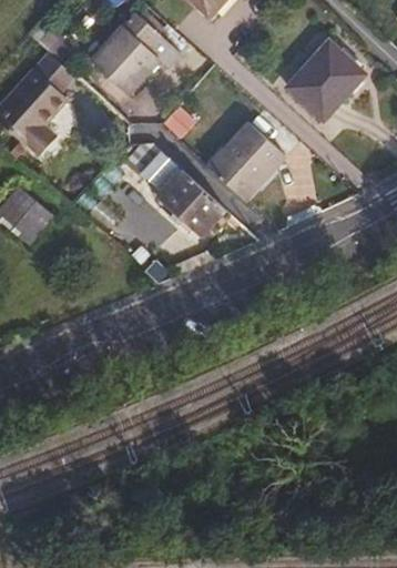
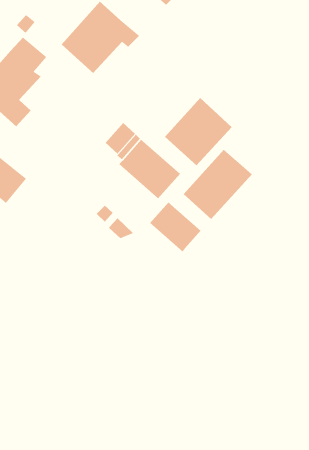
building: [286,42,365,121] -> none
building: none -> [183,149,253,220]
building: none -> [149,201,202,252]

